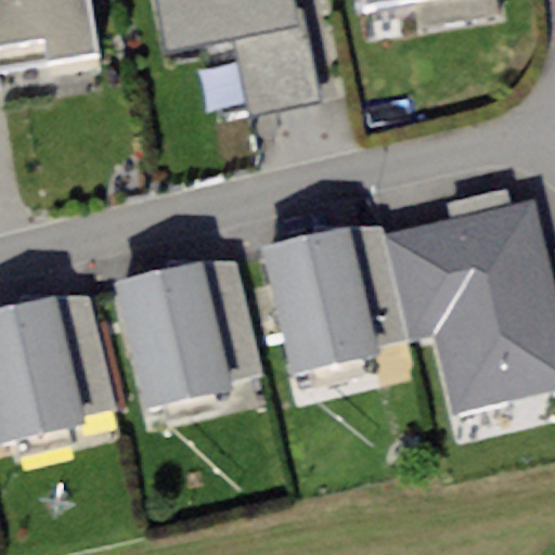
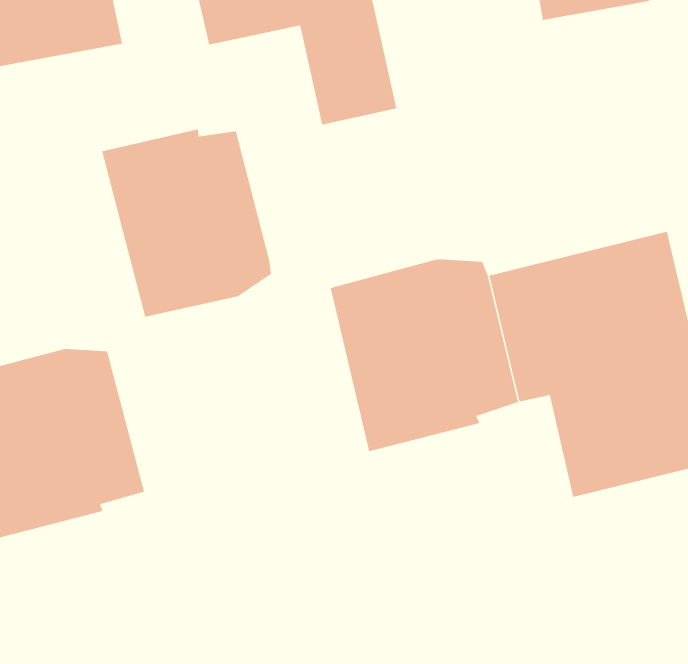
building: none -> [102,128,271,318]
building: [114,259,264,408] -> none

